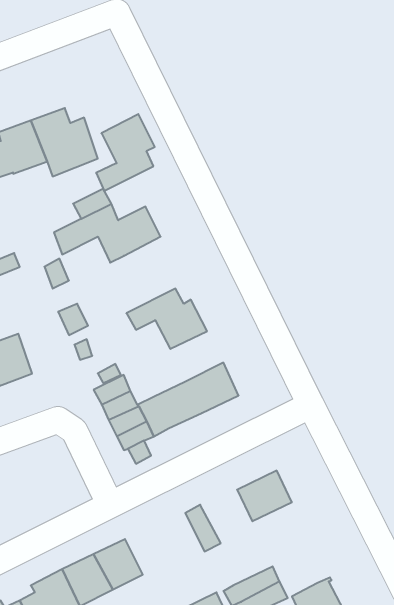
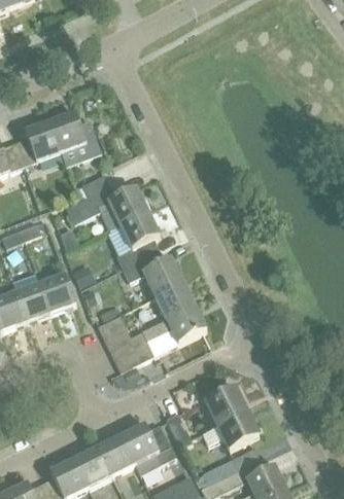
building: [96,114,155,191] -> [115,209,160,266]
building: none -> [40,273,76,312]
building: none -> [154,280,194,318]
building: none -> [201,408,259,447]
building: none -> [121,423,175,474]

